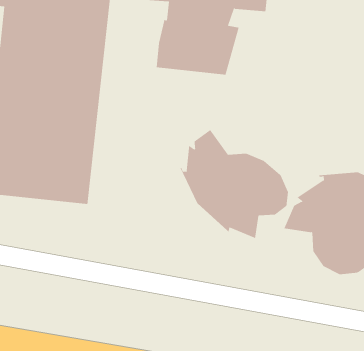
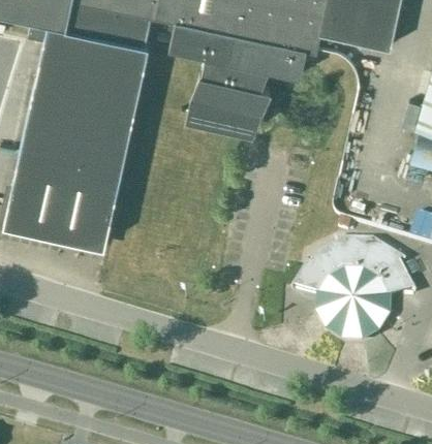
building: [180,129,289,241] -> none

